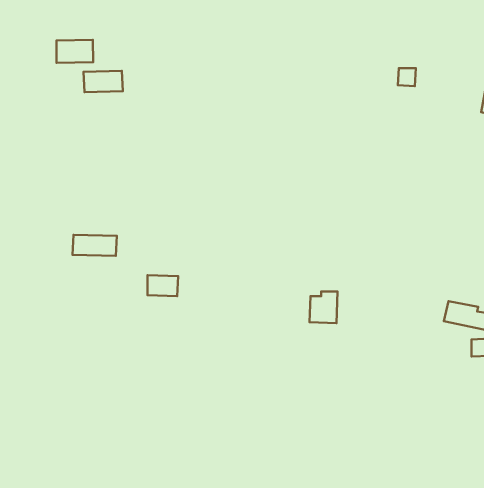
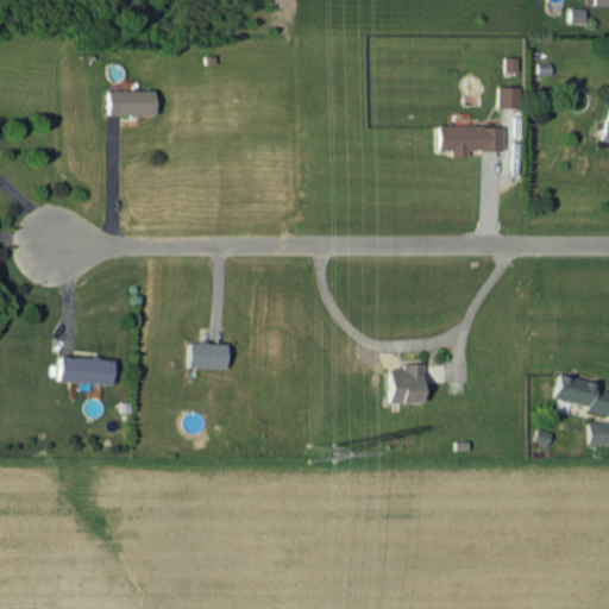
building: [56,40,93,63] -> none
building: none -> [441,126,507,158]
building: [73,235,117,256] -> [61,358,115,384]

